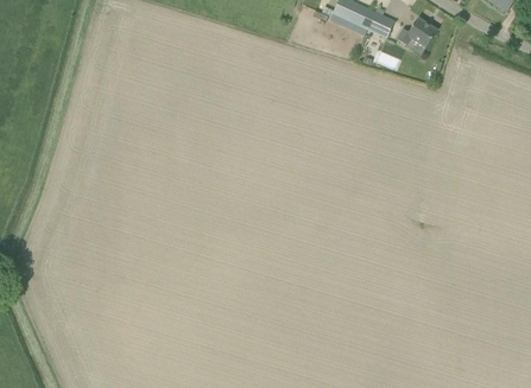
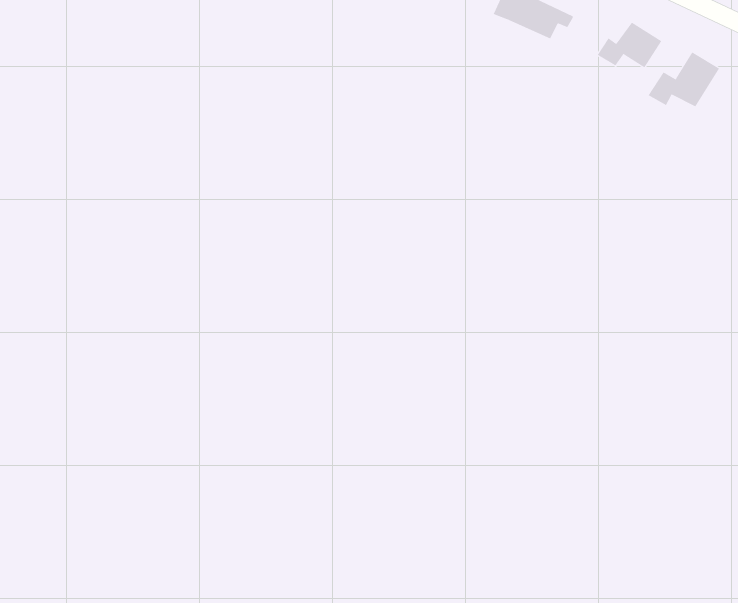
building: none -> [648,51,720,107]

